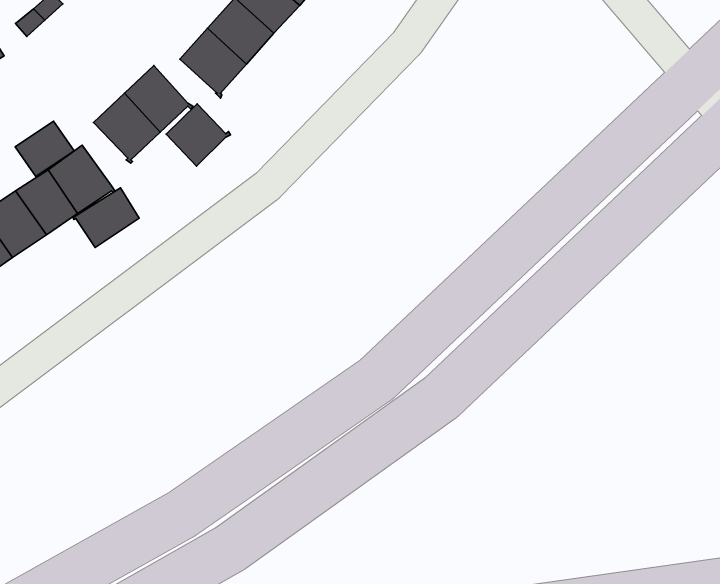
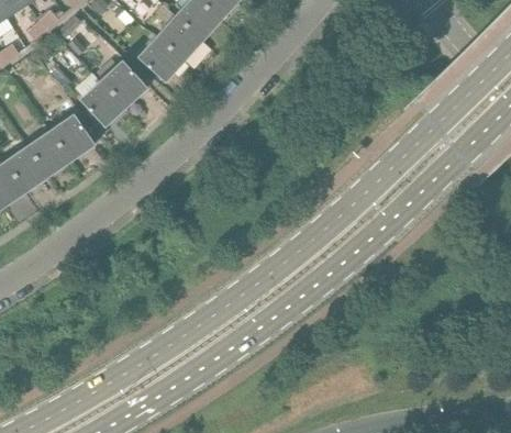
building: [166,104,230,166] -> none
building: [15,121,74,177] -> none
building: [73,188,139,248] -> none

